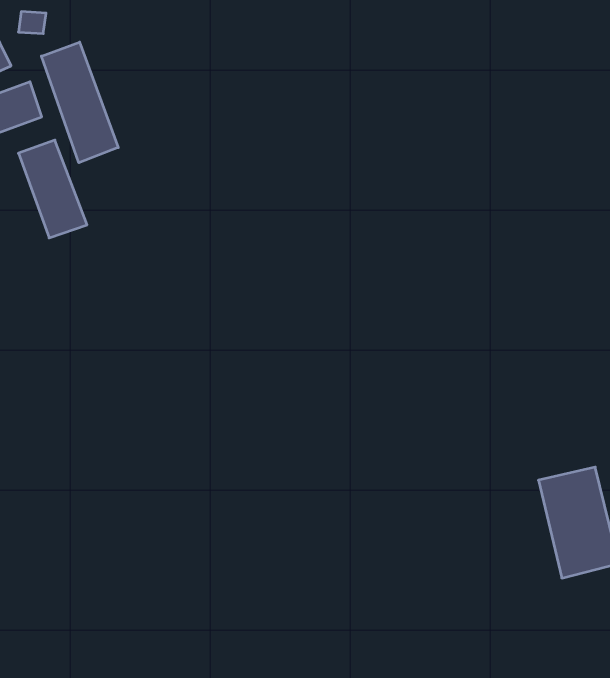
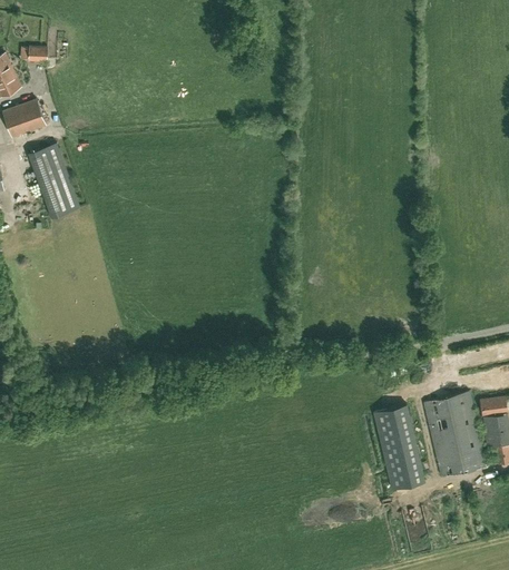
building: [41,42,118,163] -> none
building: none -> [373,404,425,490]

